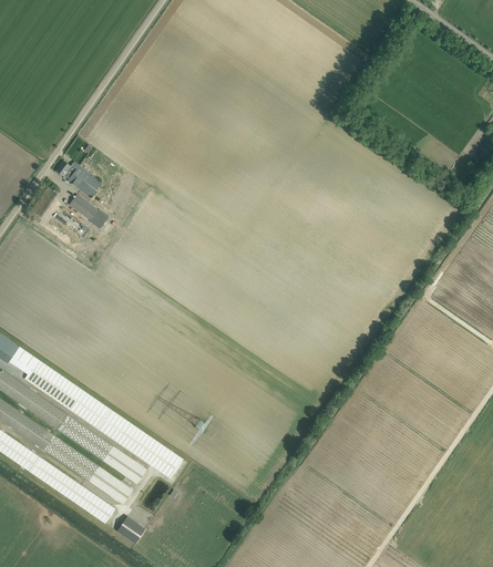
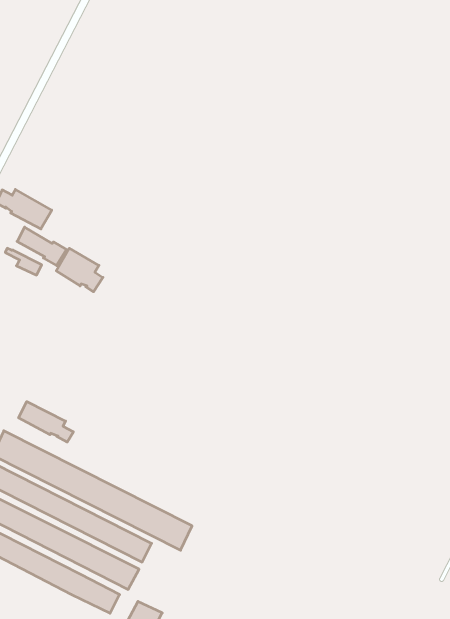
building: none -> [56,248,103,292]
building: none -> [19,402,73,442]

